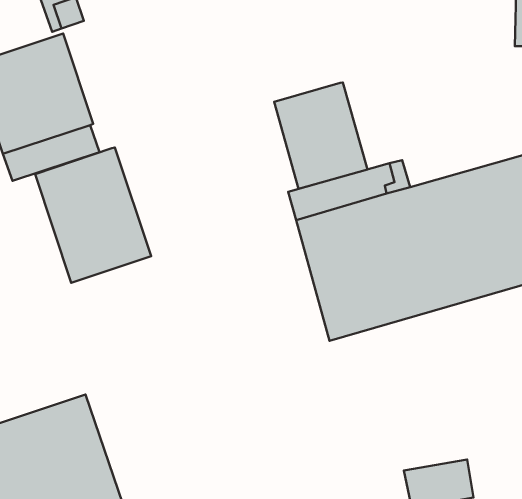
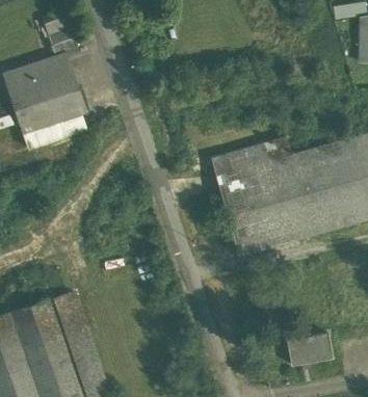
building: [274,82,367,189] -> none
building: [35,148,151,283] -> none

